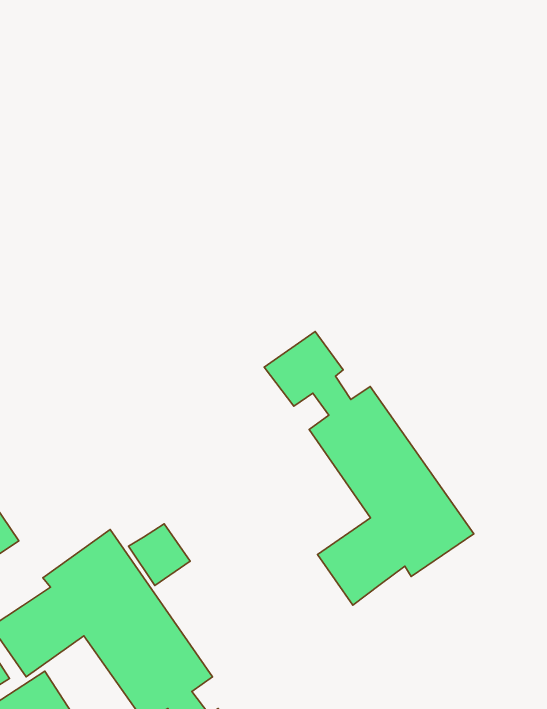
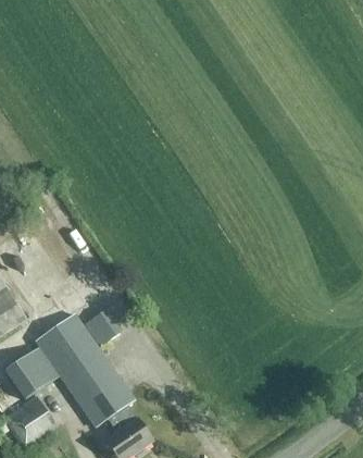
building: [264,332,474,605] -> none

